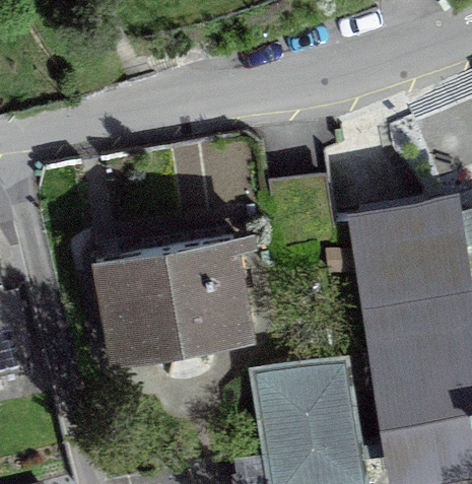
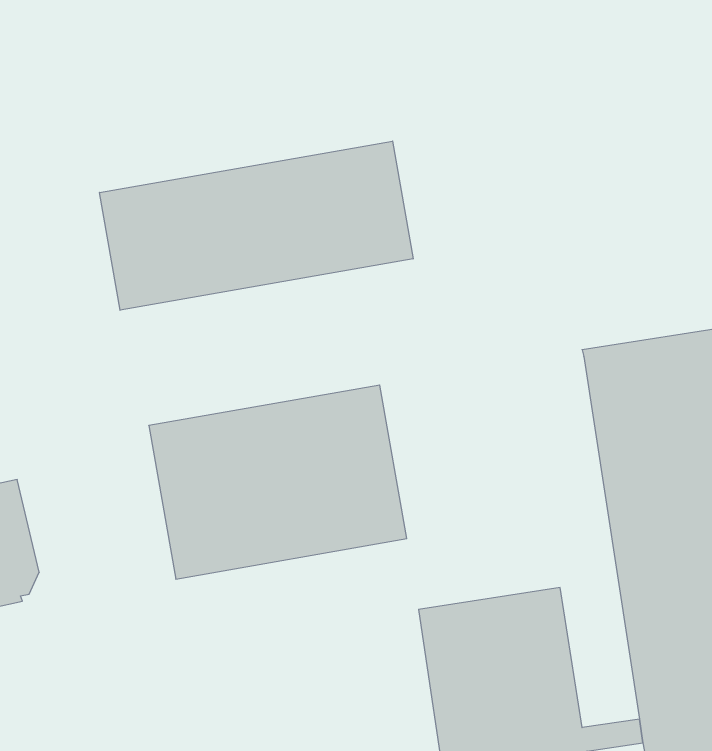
building: none -> [100,141,413,310]

